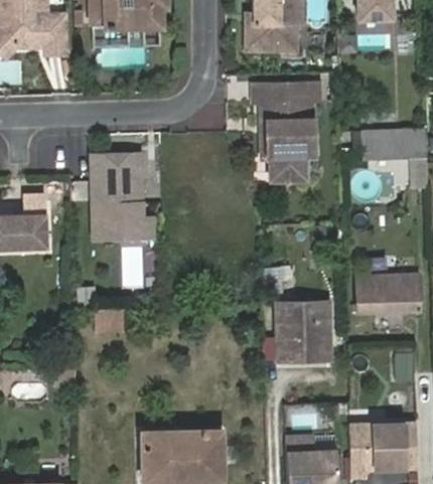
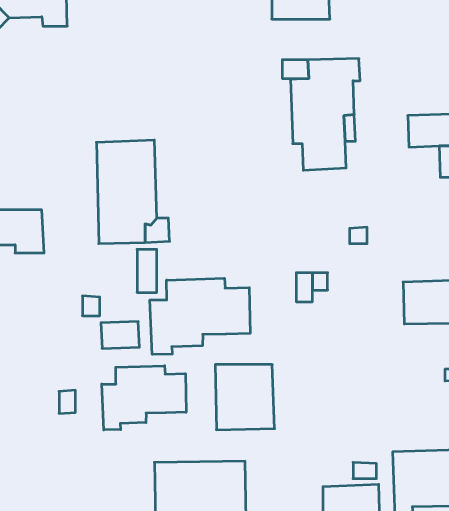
building: none -> [150,278,250,354]
building: [279,303,330,359] -> [215,365,275,430]
building: none -> [102,366,186,430]

